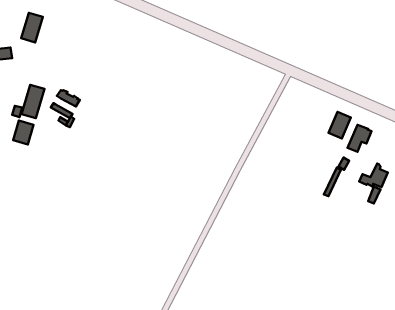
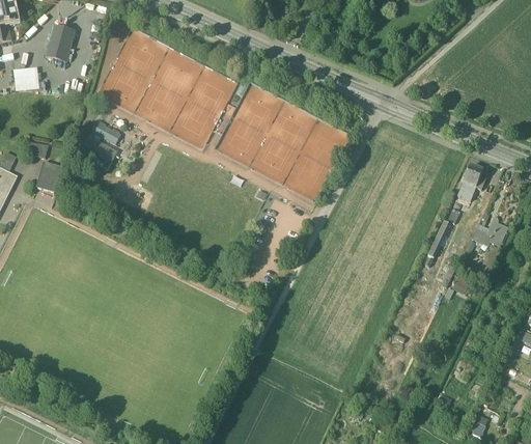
building: [22,85,44,118] -> none
building: [328,112,351,139] -> none

